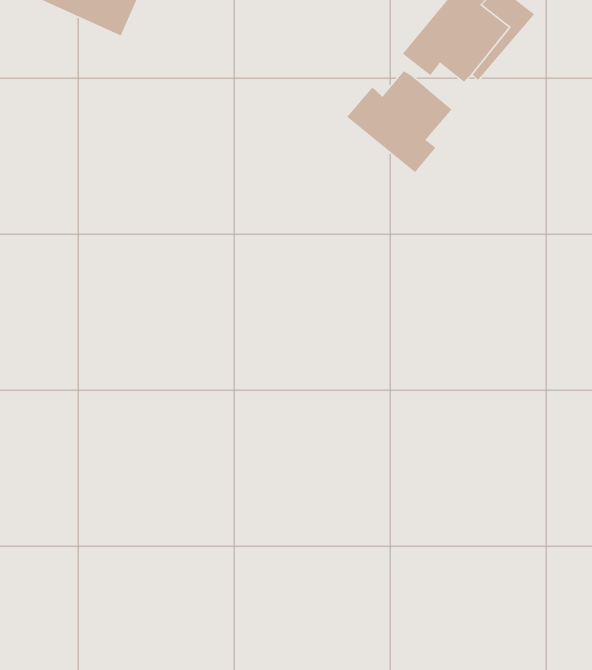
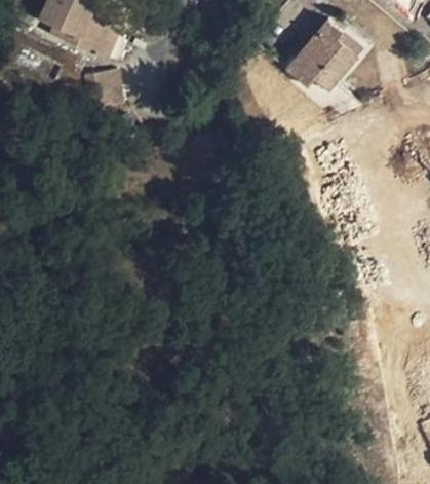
building: none -> [83,71,121,112]
building: [346,70,452,173] -> none

